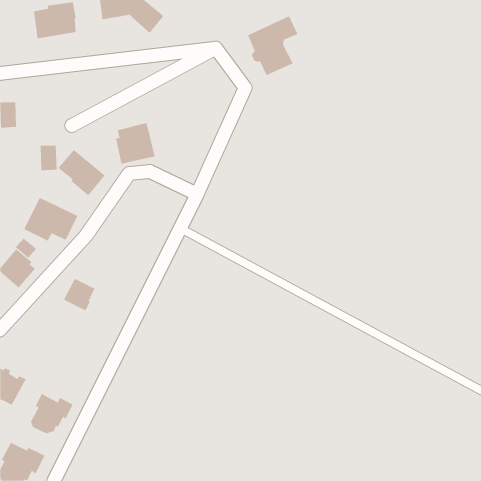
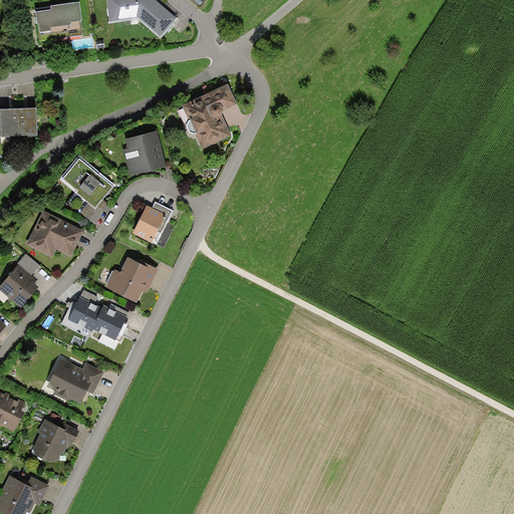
building: [247,15,298,76] -> [182,83,236,148]
building: [40,145,58,171] -> [17,108,36,136]
building: none -> [132,202,172,243]
building: none -> [105,257,158,302]
building: none -> [92,304,126,339]
building: none -> [46,357,103,404]

